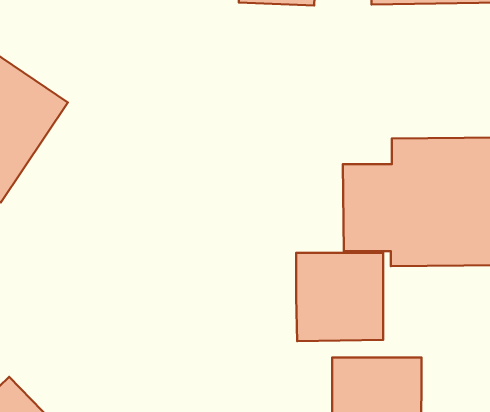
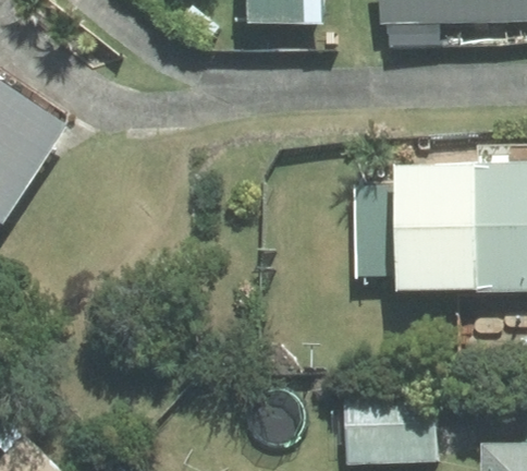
building: [296,253,383,341] -> none

